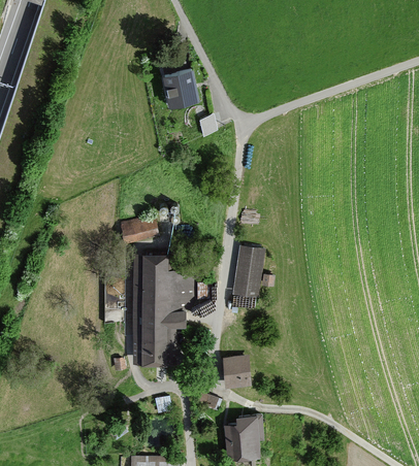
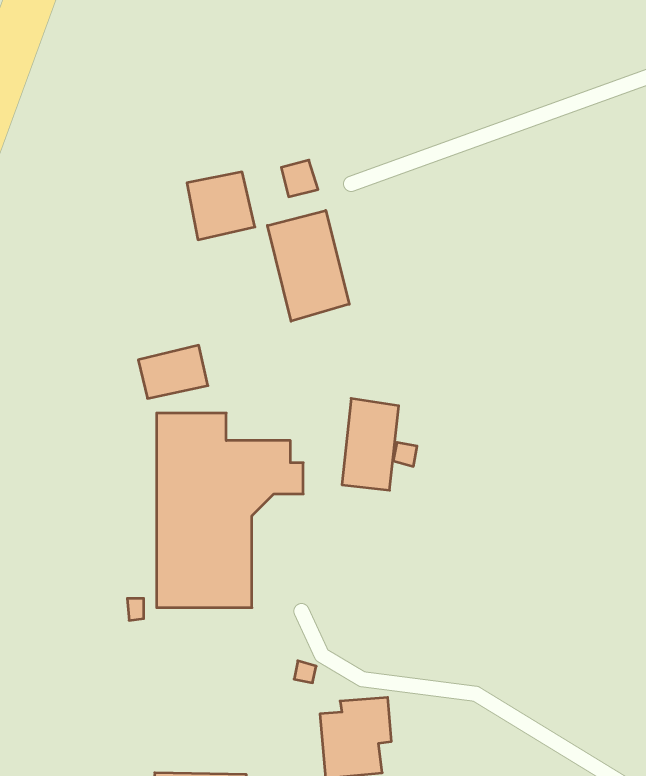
building: [161,69,199,107] -> [187,172,255,240]
building: none -> [267,210,349,321]
building: [223,355,251,389] -> none

